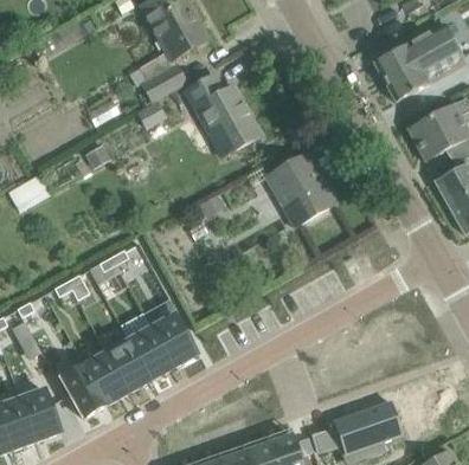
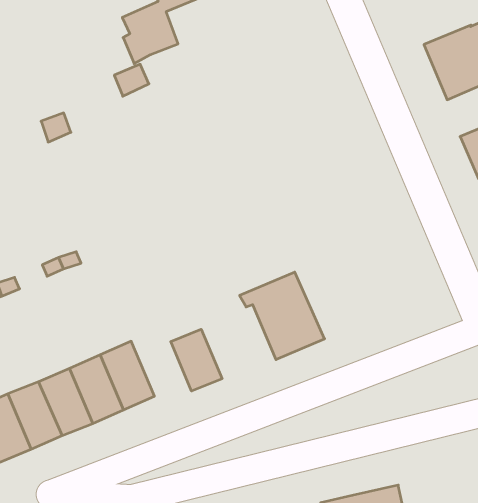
building: [186,73,262,156] -> none
building: [266,154,335,222] -> [240,272,325,360]
building: none -> [171,329,222,391]

